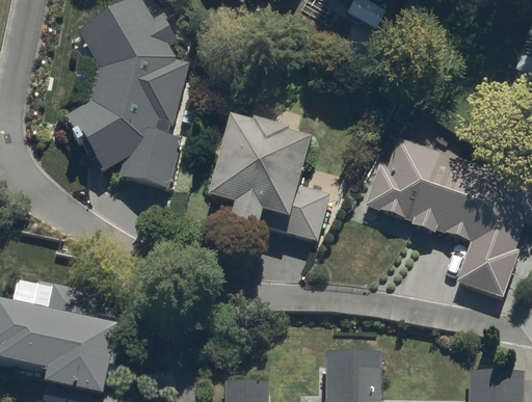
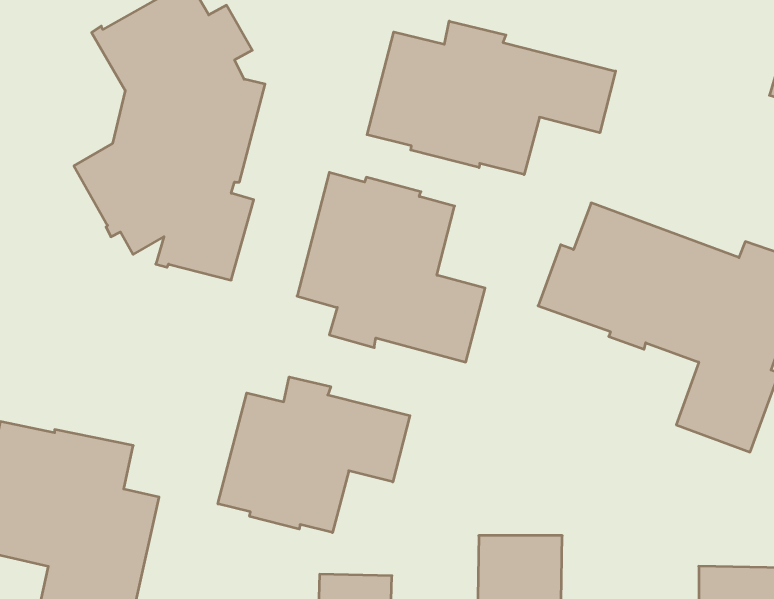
building: none -> [367,21,616,175]
building: none -> [218,377,410,533]

